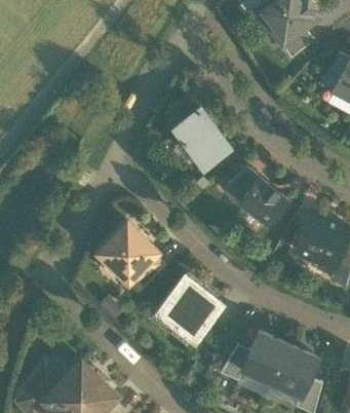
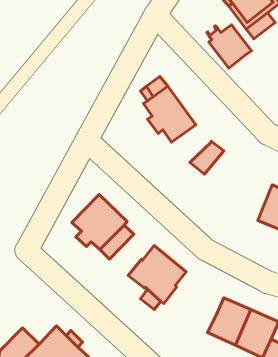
building: none -> [207,25,252,68]
building: [238,177,288,225] -> none
building: [220,345,250,381] -> none

